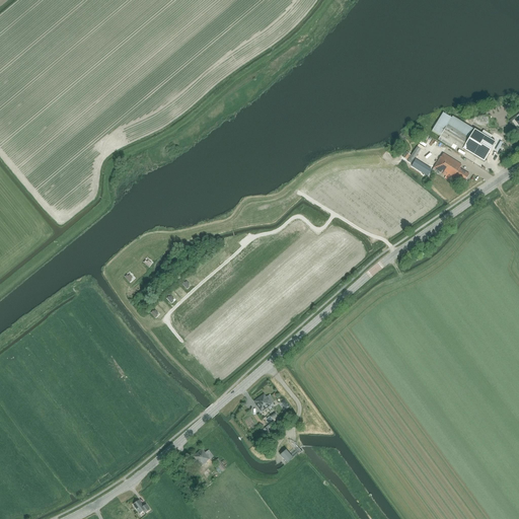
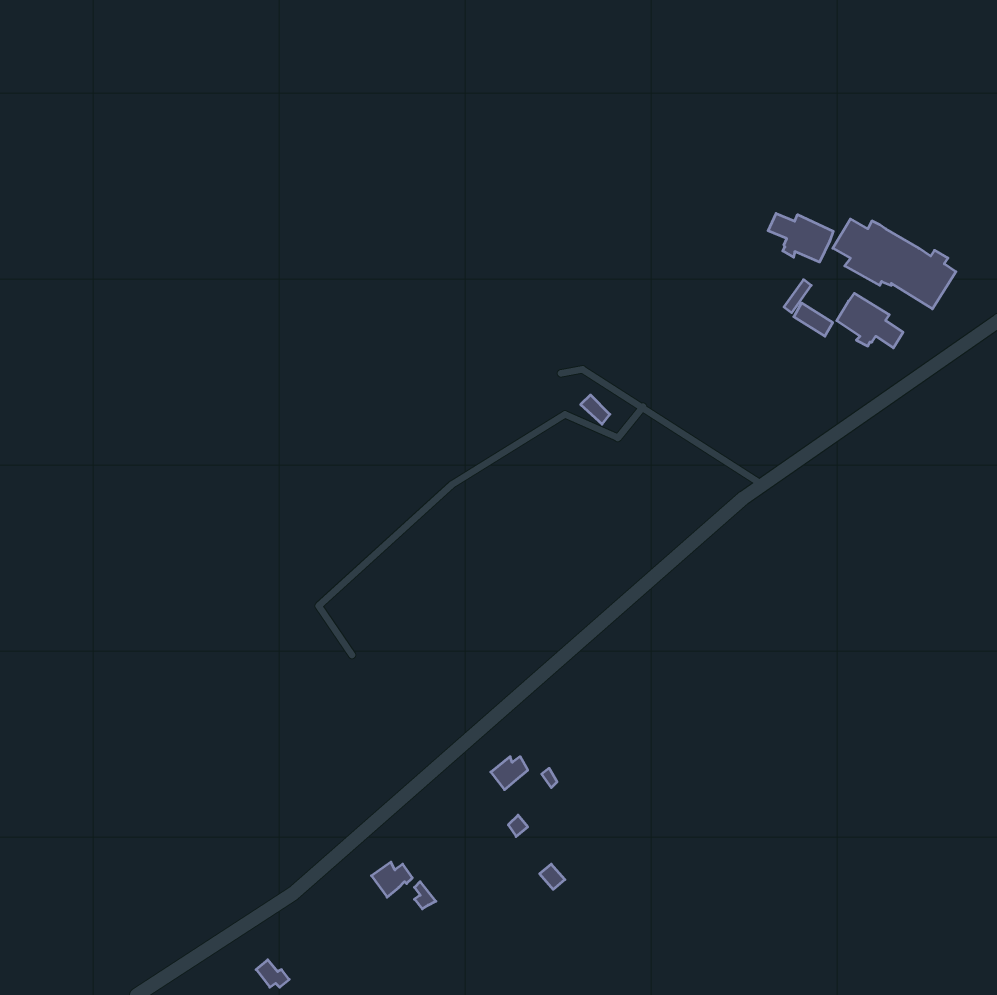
building: none -> [768,213,833,262]

